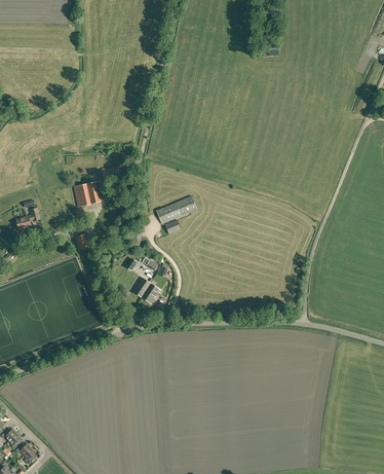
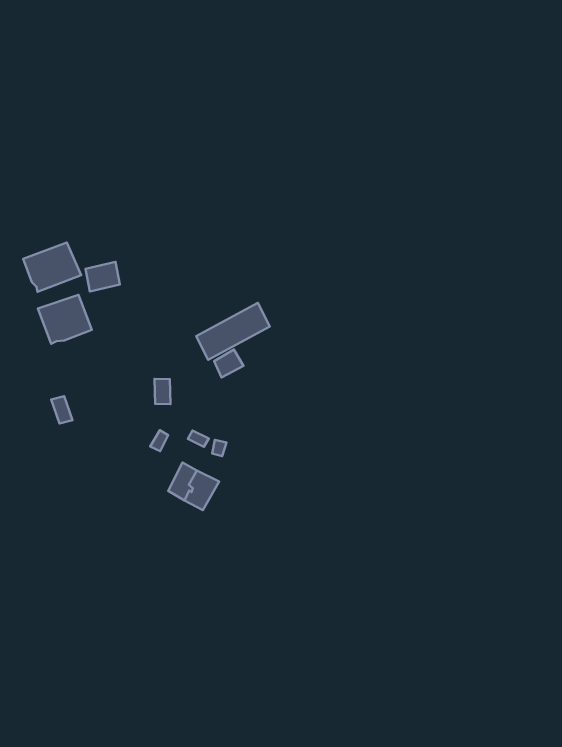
building: none -> [23,242,81,292]

